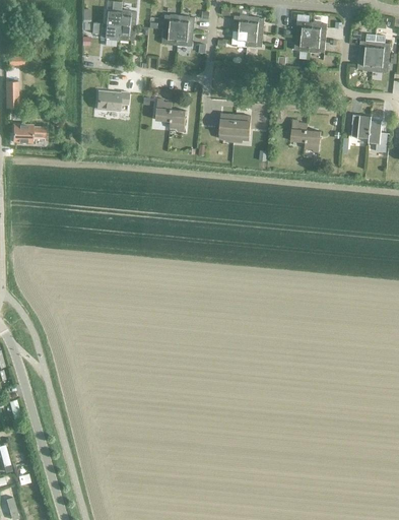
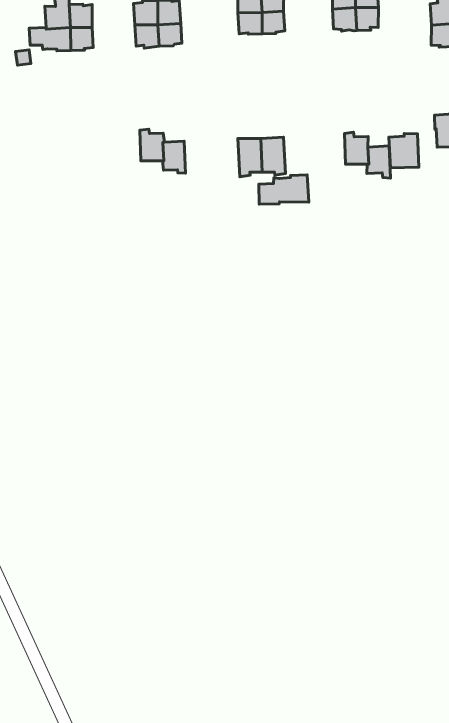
building: [96,89,128,111] -> none
building: none -> [389,134,419,168]
building: none -> [259,175,309,204]

